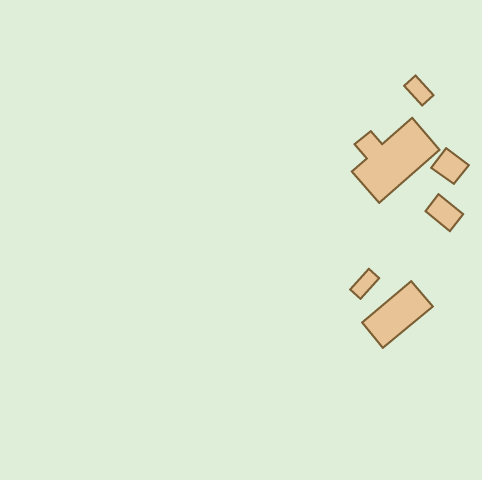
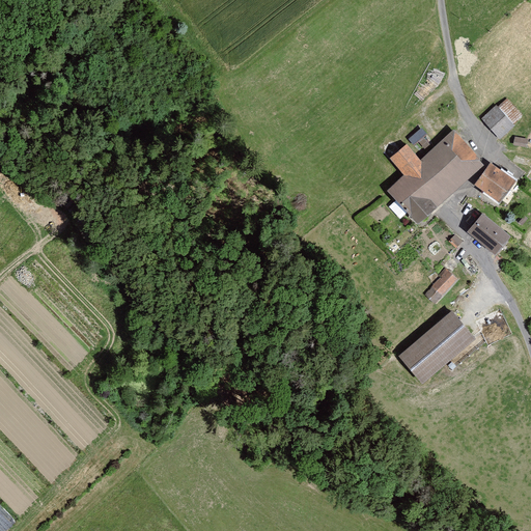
building: [404,75,433,106] -> [482,106,514,139]
building: [350,269,379,299] -> [425,271,457,304]

